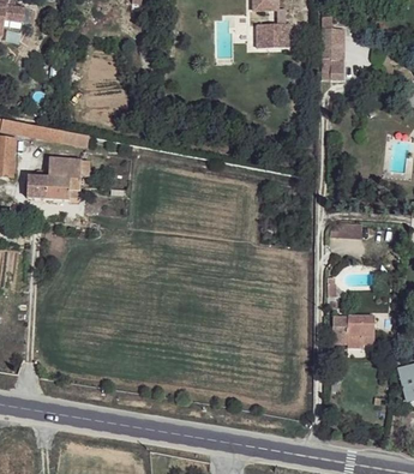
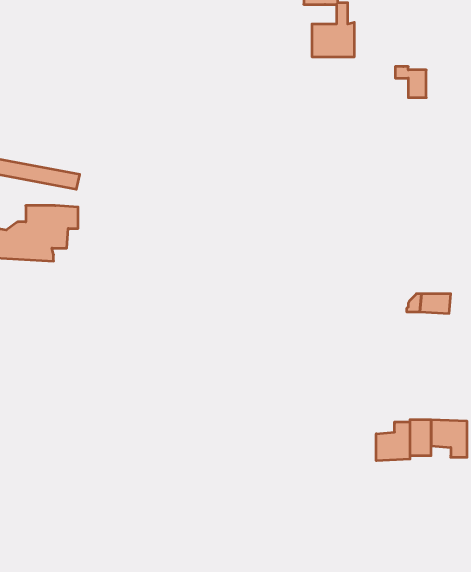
building: none -> [376,422,410,461]

